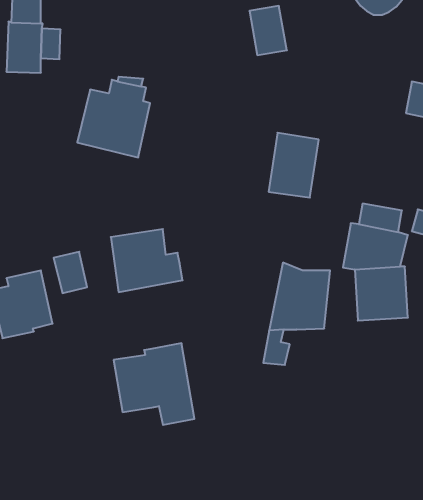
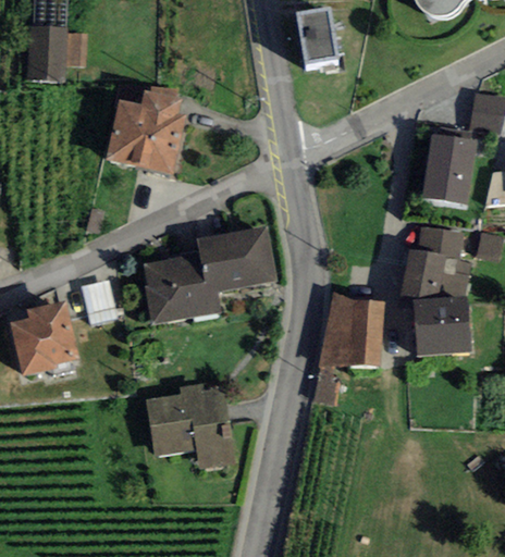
building: [269,133,319,198] -> [421,132,477,203]
building: none -> [197,225,276,292]

